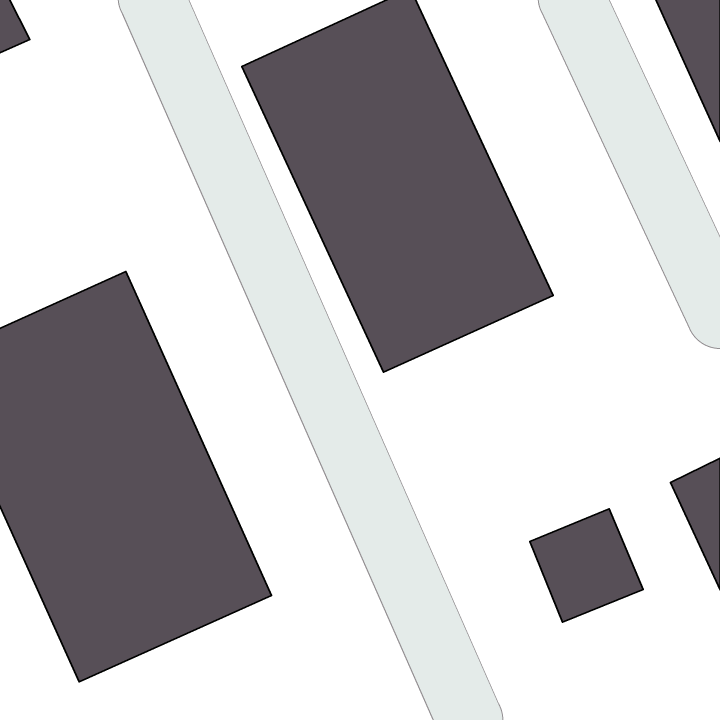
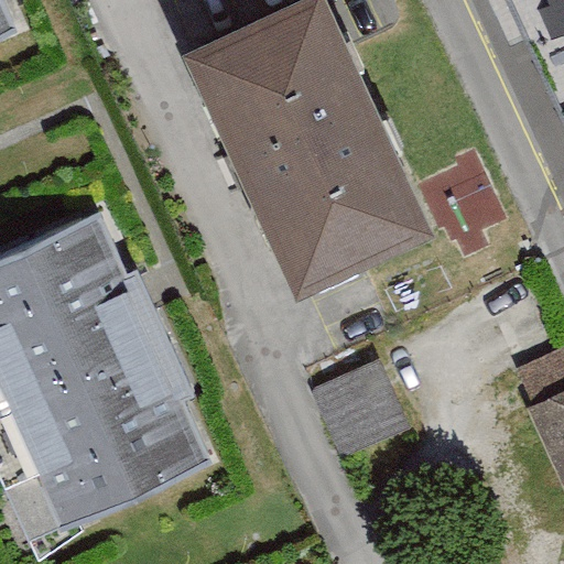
building: [530,509,643,622] -> [323,372,411,460]

